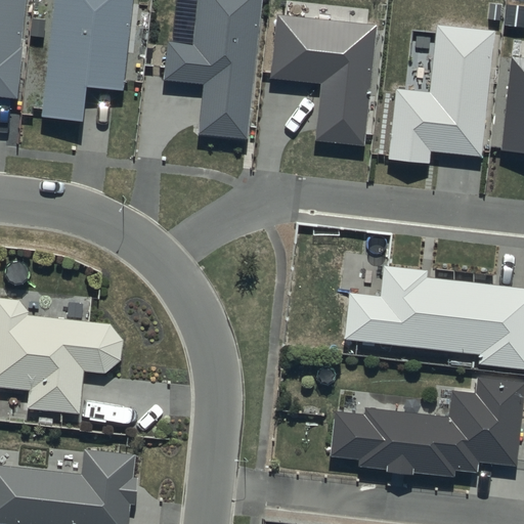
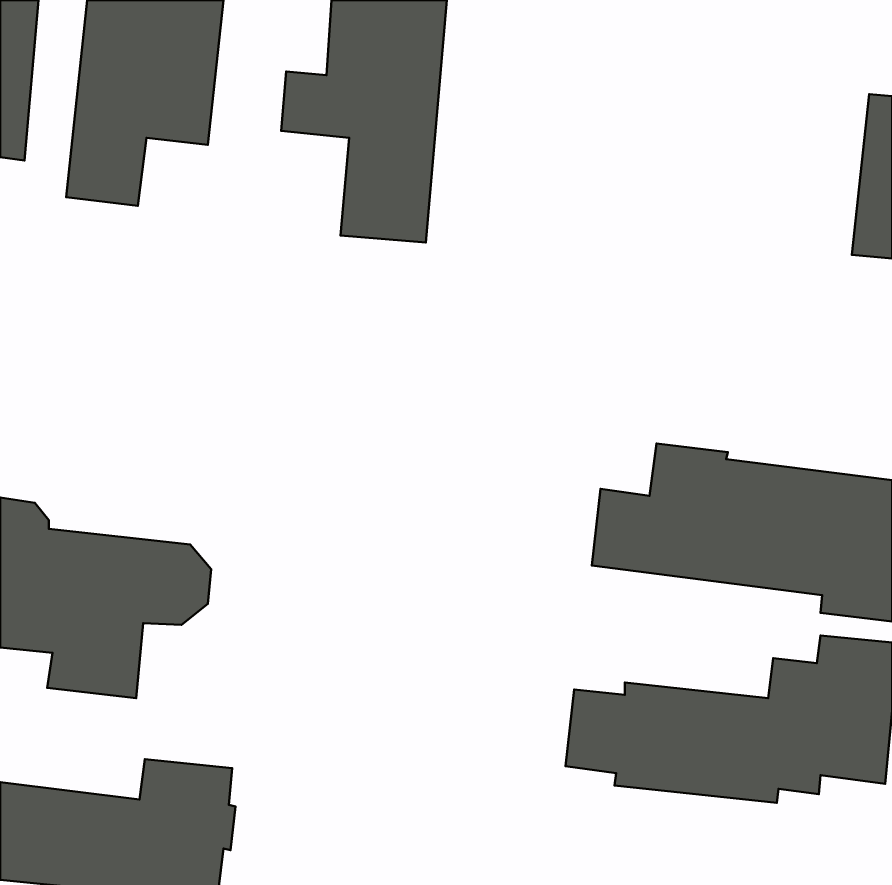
building: [269,16,376,147] -> none
building: [389,29,494,165] -> none

